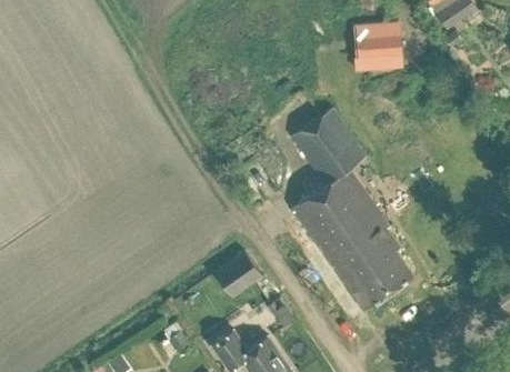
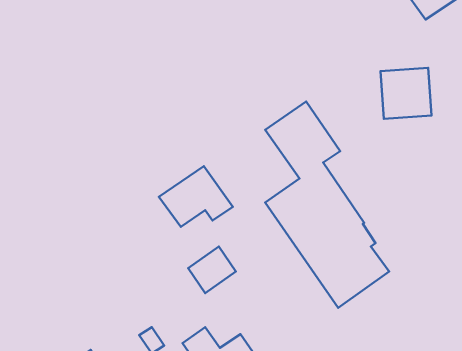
building: [352,22,402,72] -> [380,68,432,119]
building: none -> [159,166,233,227]

